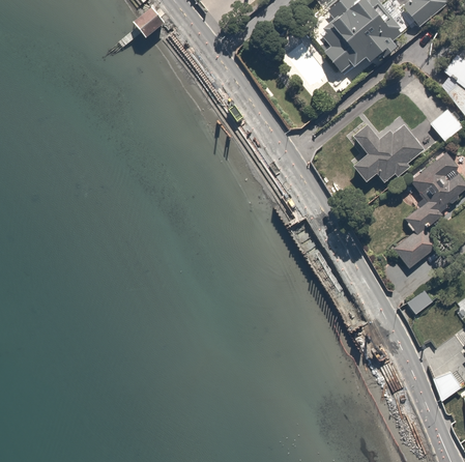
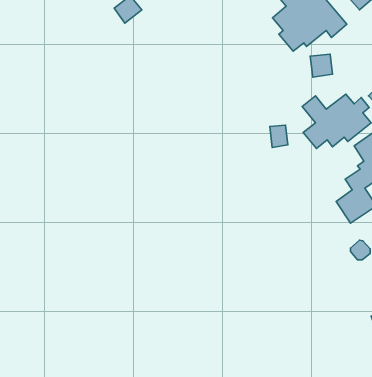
building: none -> [310,54,333,77]
building: none -> [270,125,288,147]

